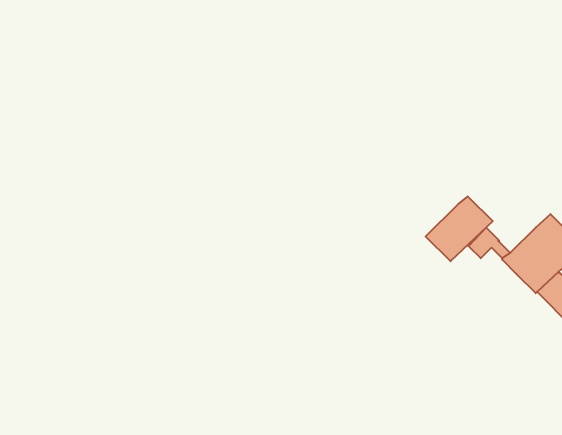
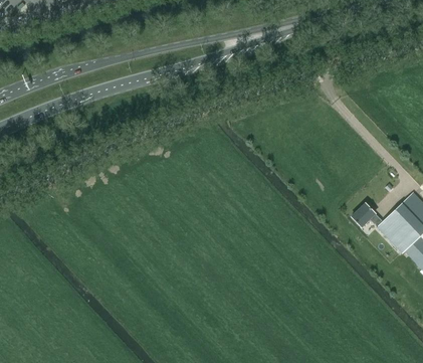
building: [426,196,493,261] -> none

